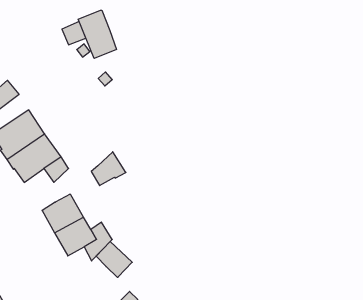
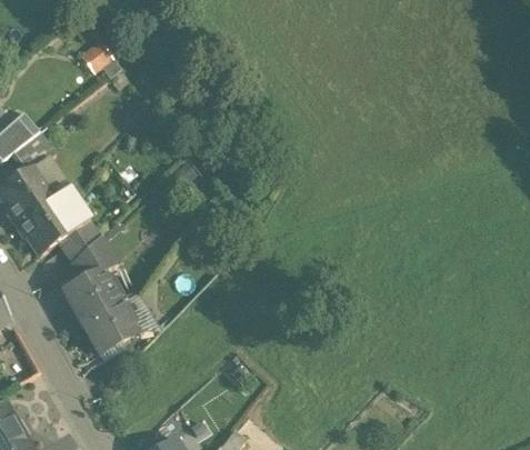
building: [78,10,117,58] -> none
building: [91,152,126,186] -> [69,236,116,281]
building: [96,241,132,277] -> none

